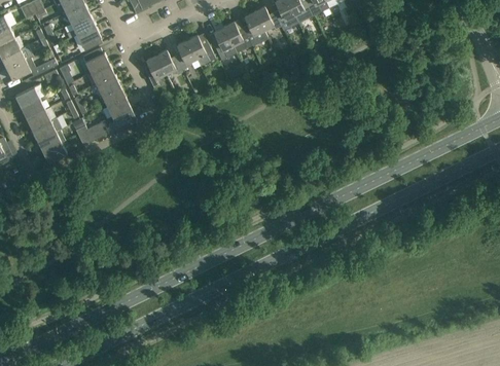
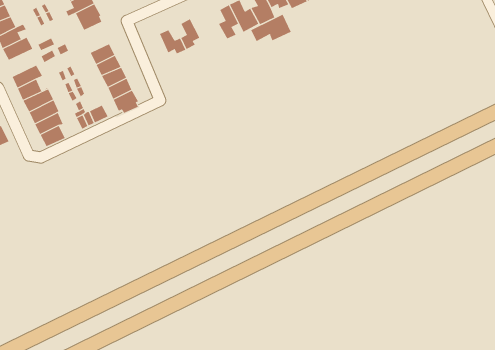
building: [186,35,215,66] -> none
building: none -> [250,14,291,42]
building: [82,48,109,75] -> none
building: [144,54,165,88] -> none

